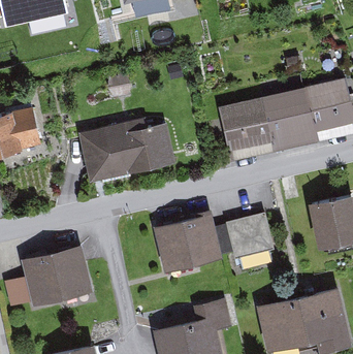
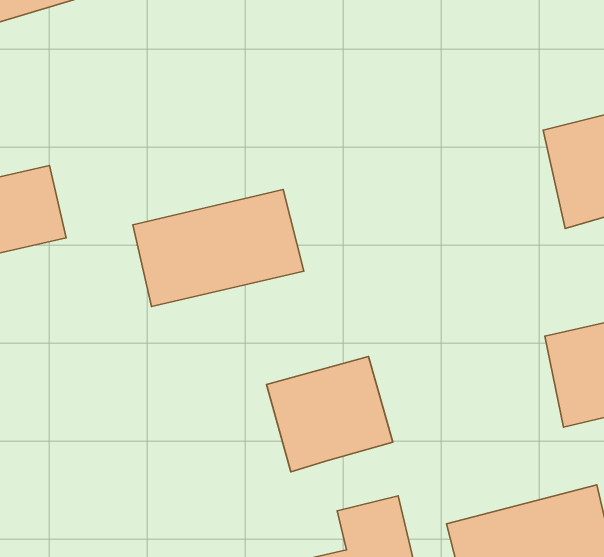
building: [219,90,315,161] -> none
building: [223,213,279,269] -> none
building: [21,243,91,303] -> none

